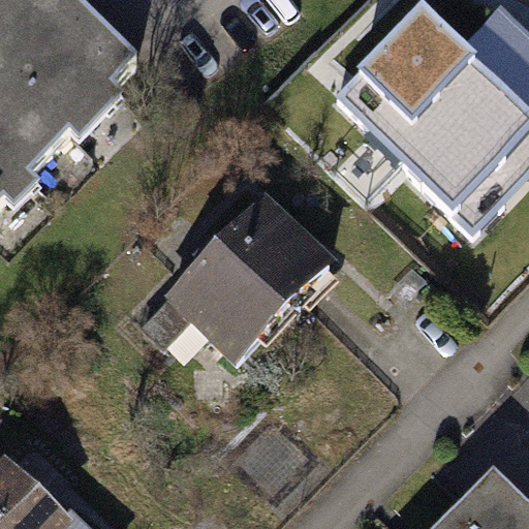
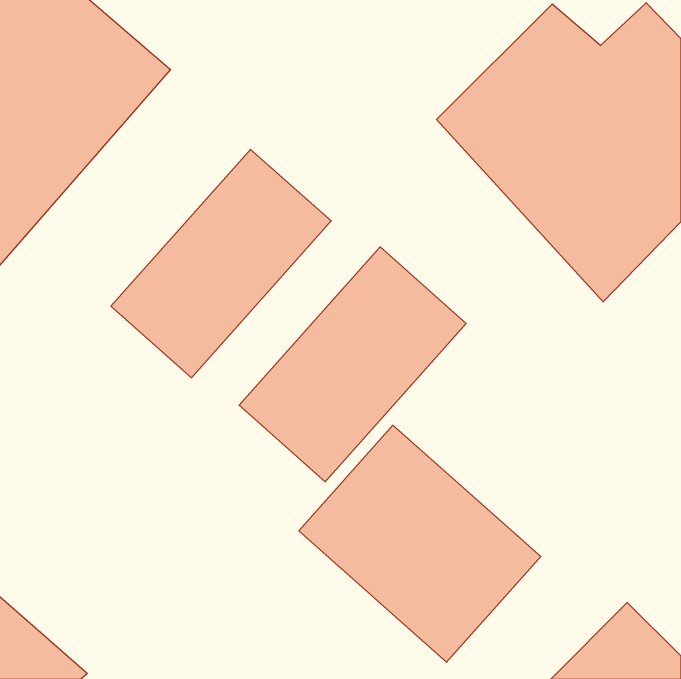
building: none -> [111,149,331,378]
building: none -> [299,425,541,662]

